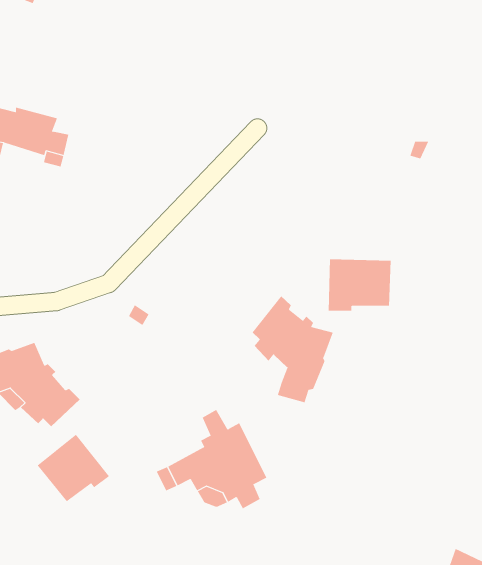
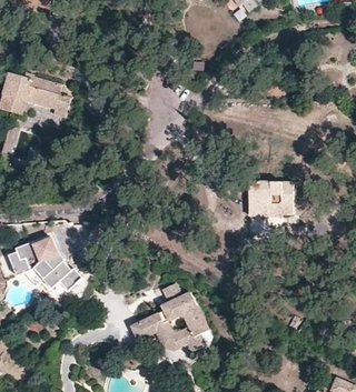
building: [252,295,334,403] -> none
building: [37,434,110,502] -> none

